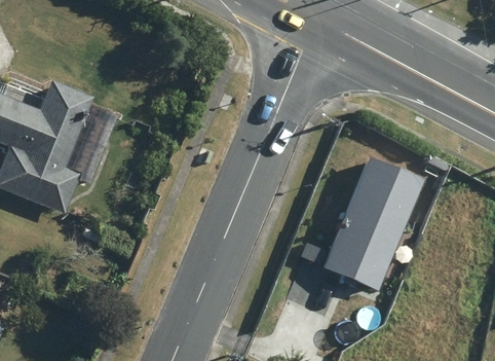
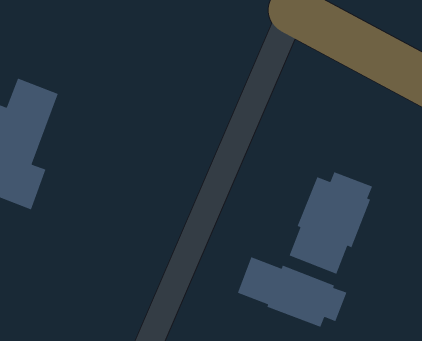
building: none -> [237,256,347,328]

